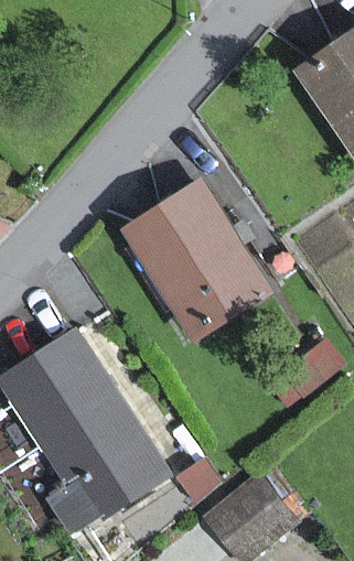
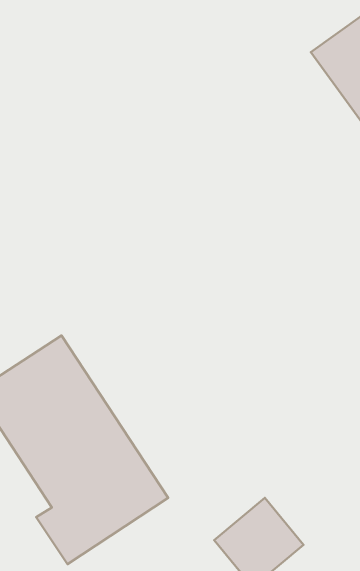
building: [119,179,272,342] -> none

